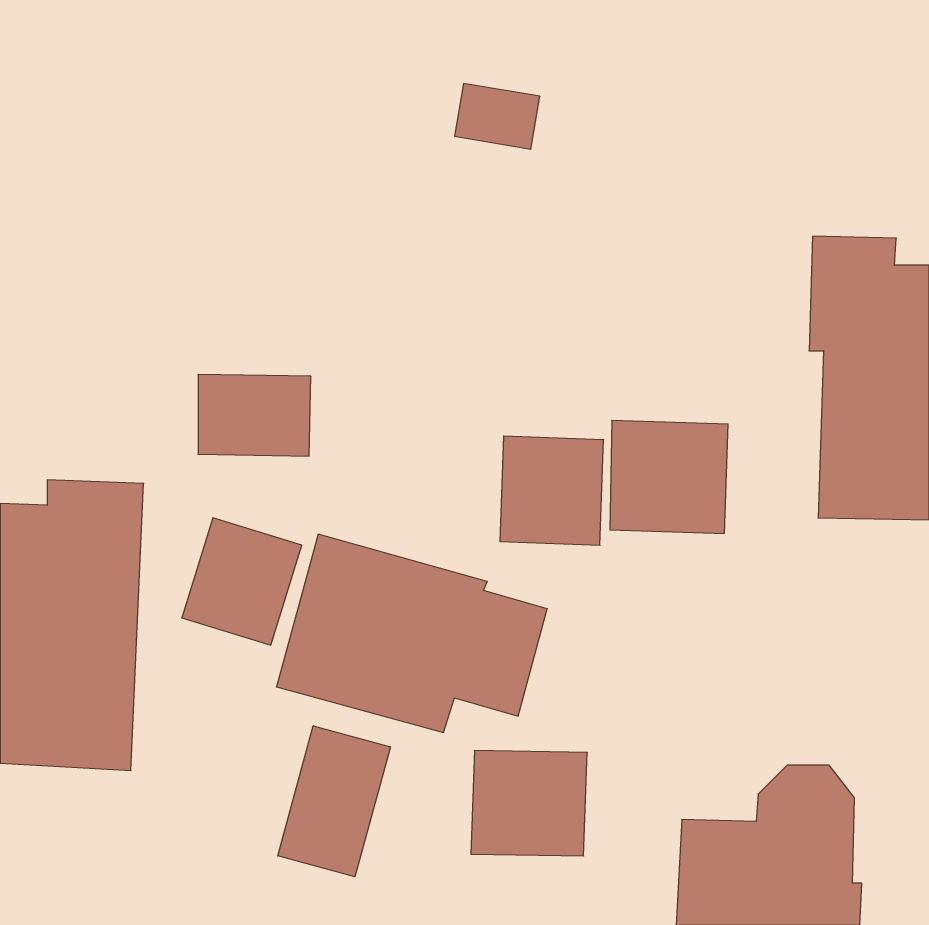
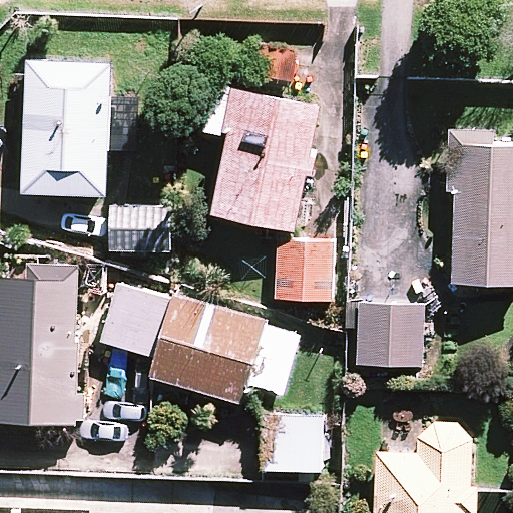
building: none -> [22,62,110,197]
building: none -> [211,90,320,232]
building: [610,421,728,533] -> [357,304,422,366]
building: [278,726,390,877] -> none

